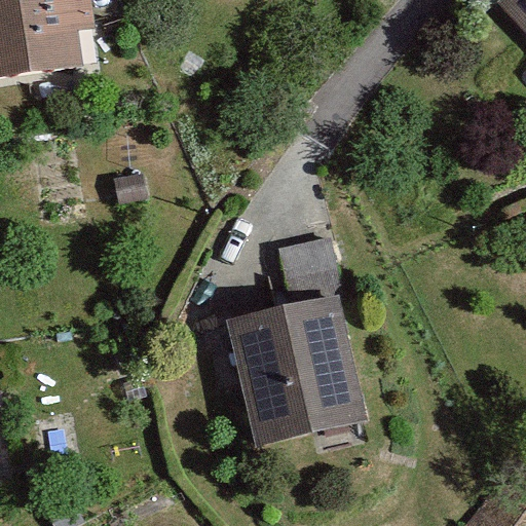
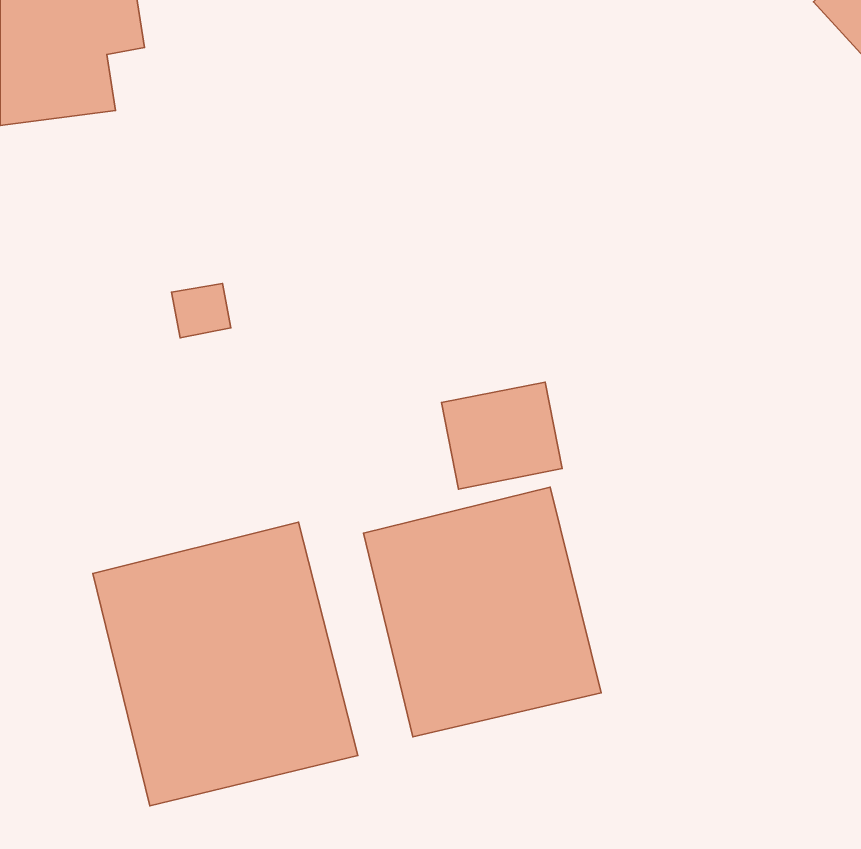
building: none -> [93,522,358,806]

